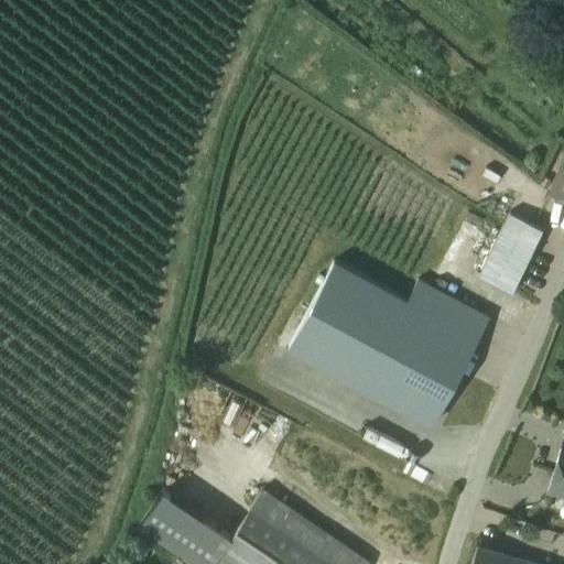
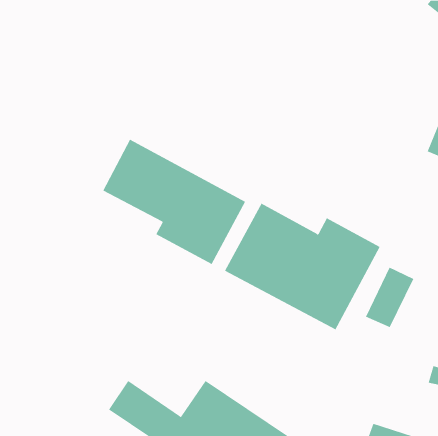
building: none -> [103,139,246,265]
building: [480,218,543,296] -> [365,267,414,328]

